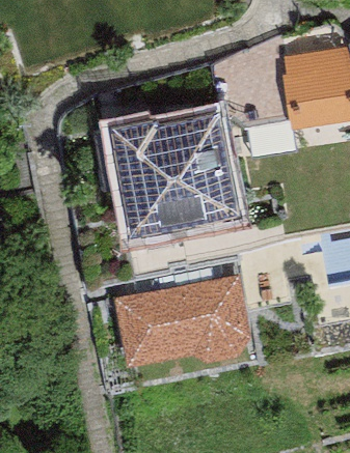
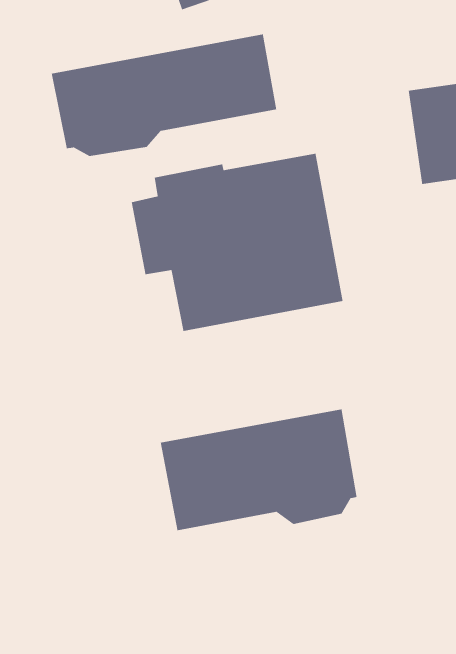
building: none -> [51,33,277,157]

